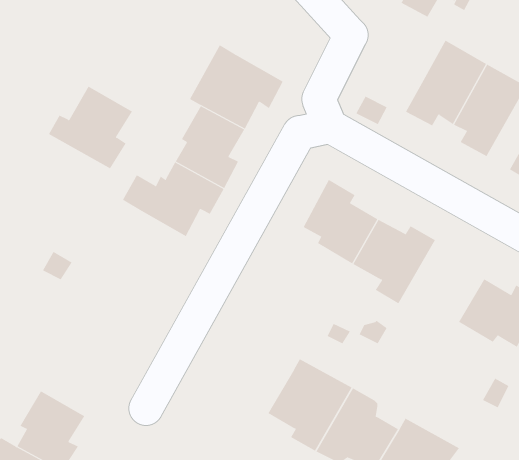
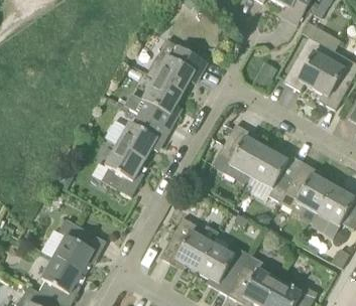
building: [48,86,133,169] -> [92,144,145,196]
building: none -> [279,162,333,222]
building: none -> [159,217,213,271]
building: none -> [53,219,106,273]

